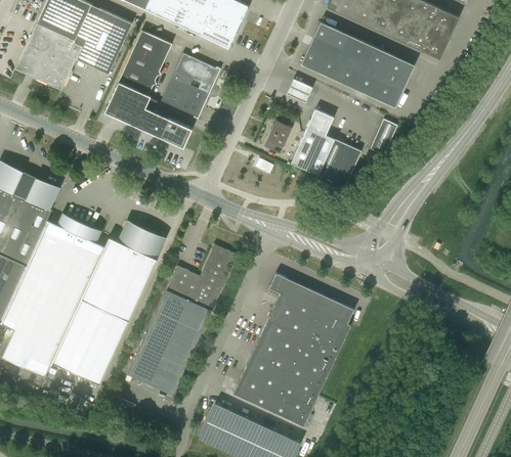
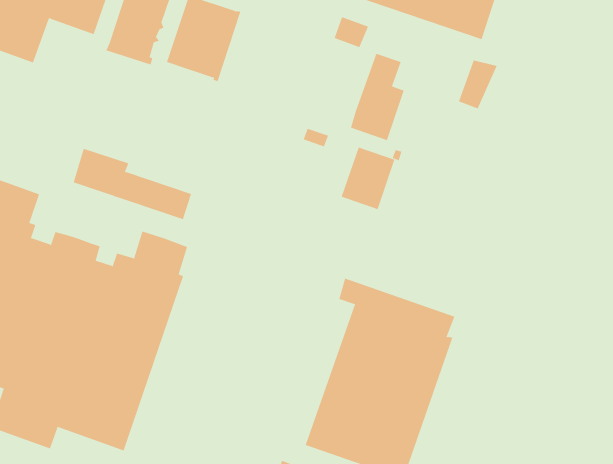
building: [105,87,193,147] -> [73,148,192,220]
building: [264,121,292,151] -> none
building: [317,139,360,187] -> [341,147,395,210]
building: [128,244,238,395] -> none

